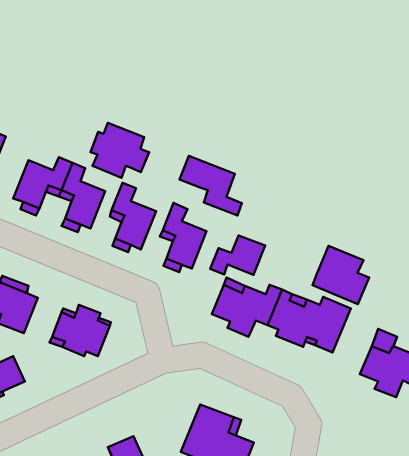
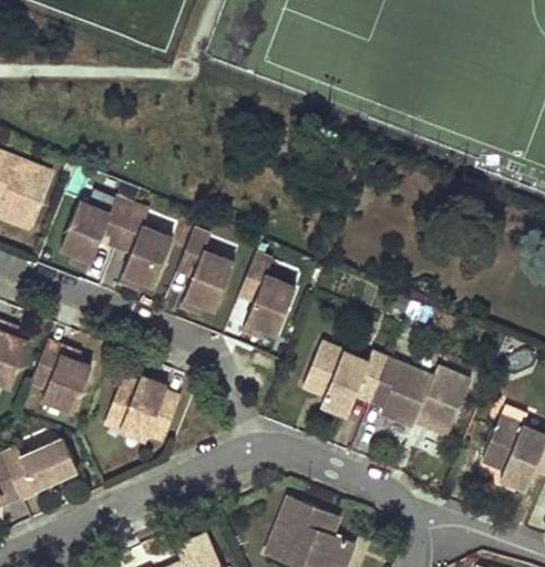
building: [91,123,149,178] -> none
building: [180,156,242,215] -> none
building: [210,236,265,275] -> none
building: [313,246,369,304] -> none

